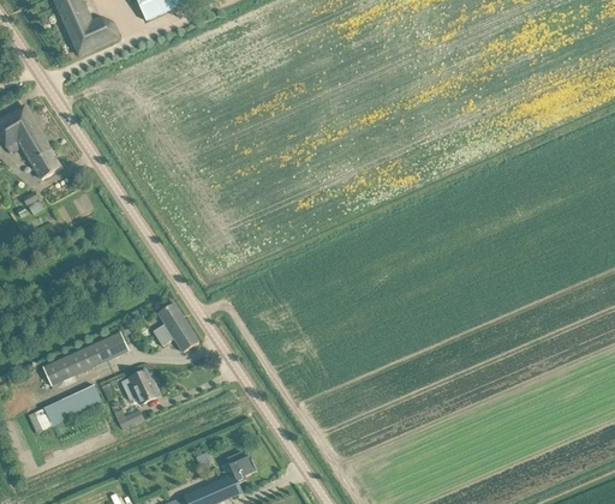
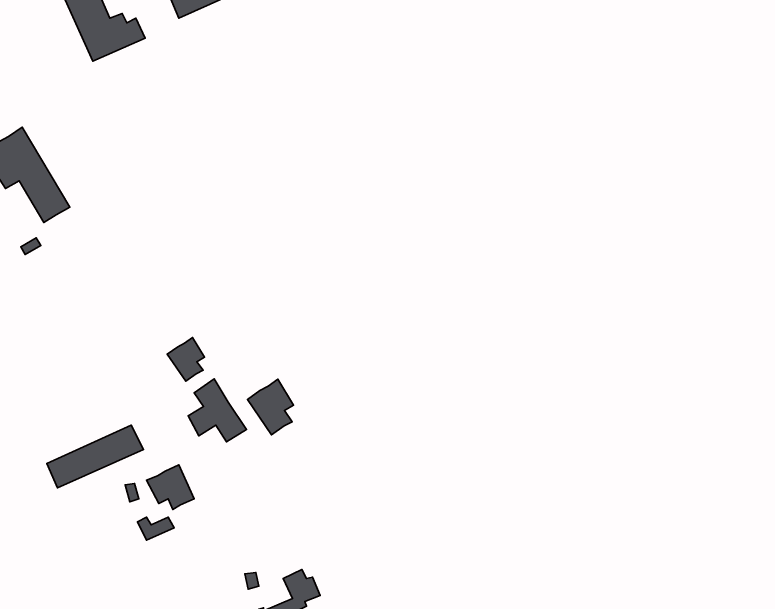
building: none -> [167,337,204,381]
building: none -> [247,379,293,435]
building: [28,384,102,432] -> none

